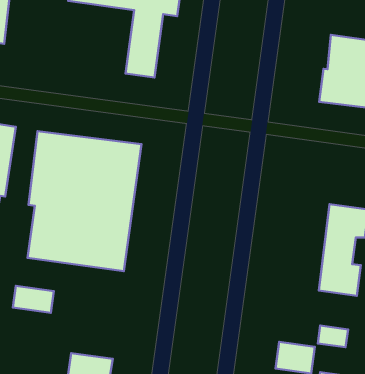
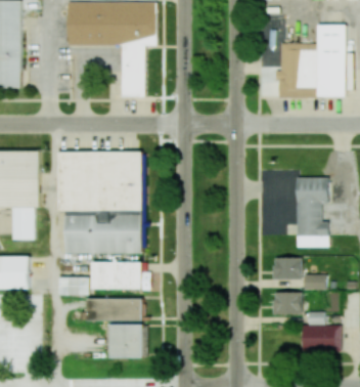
building: none -> [91,261,149,289]
building: none -> [272,257,301,280]
building: none -> [86,297,142,320]

